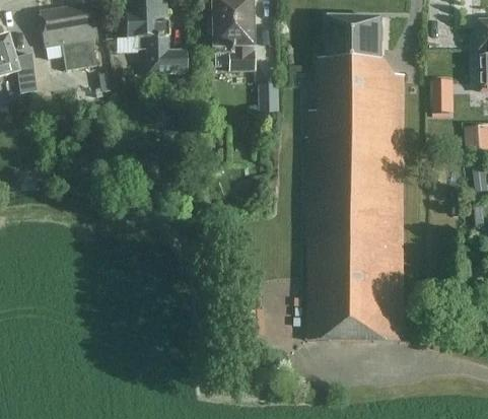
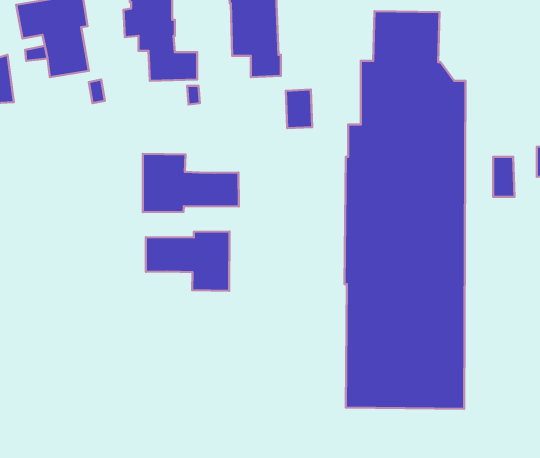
building: [431,78,448,111] -> [493,157,514,197]
building: none -> [143,154,239,212]
building: none -> [146,231,230,291]

